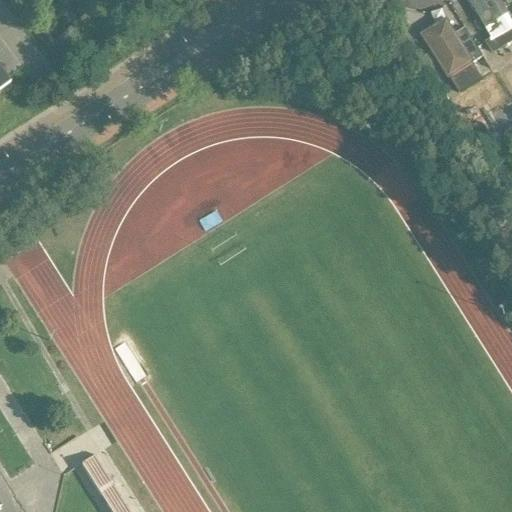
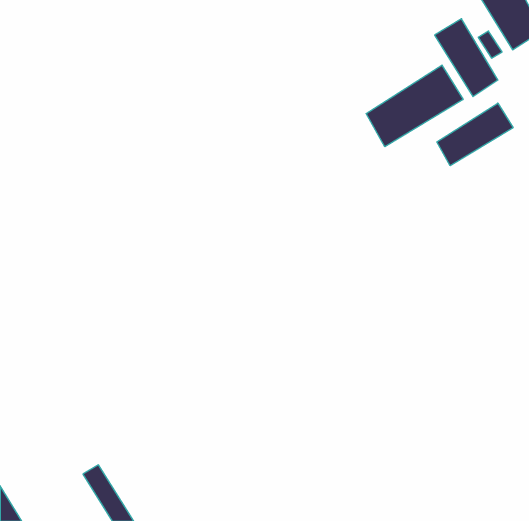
building: none -> [366,65,463,147]
building: none -> [437,103,513,166]

